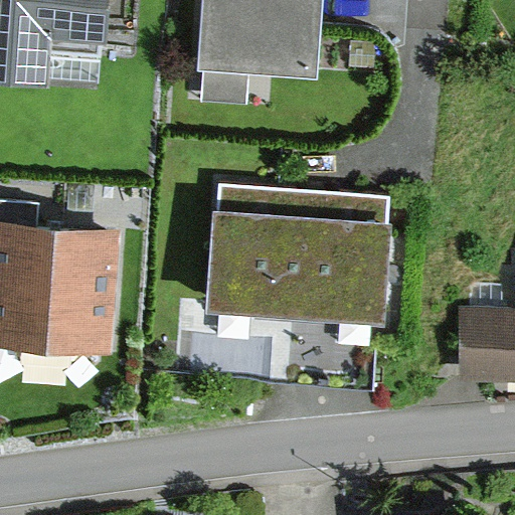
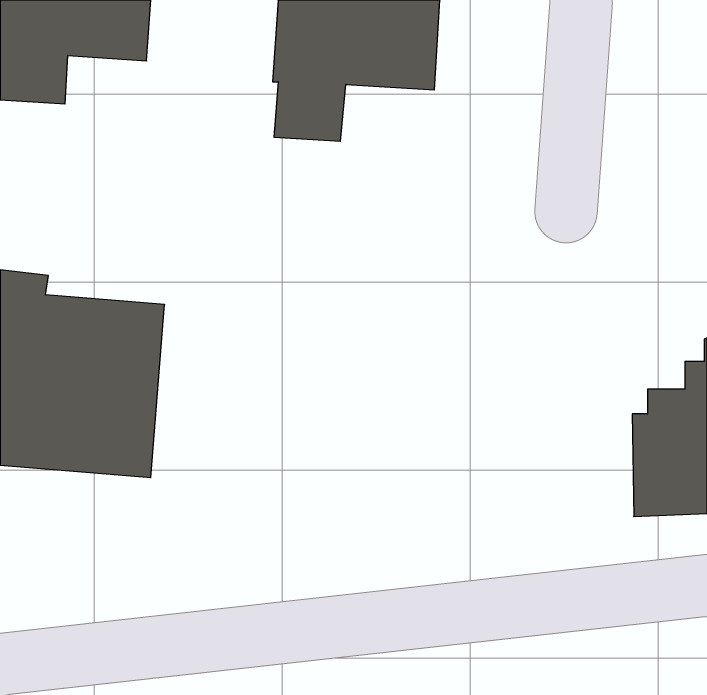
building: [208,188,391,319] -> none

